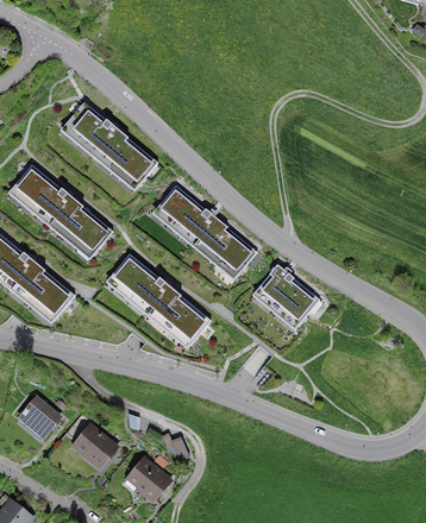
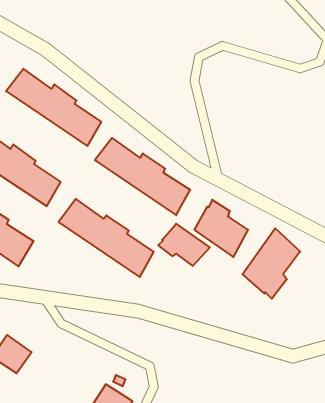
building: none -> [158,224,210,266]
building: none -> [243,228,300,299]
building: [73,427,118,472] -> none

